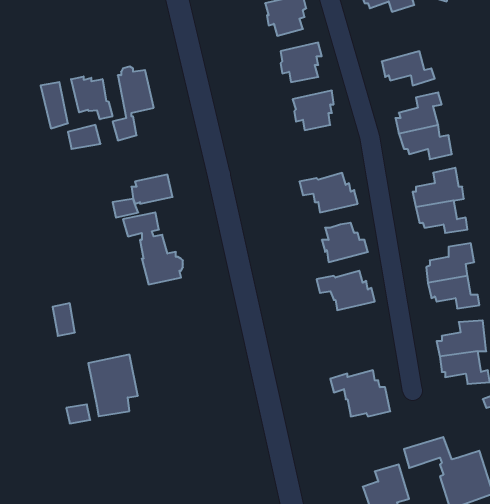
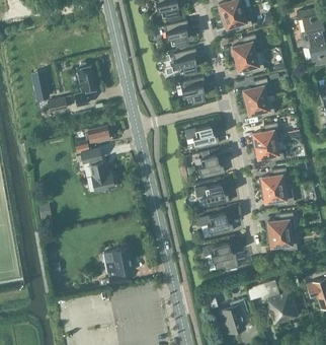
building: none -> [230,34,256,60]
building: [71,76,112,119] -> none
building: none -> [198,213,233,236]
building: [88,355,138,416] -> [103,248,133,284]

